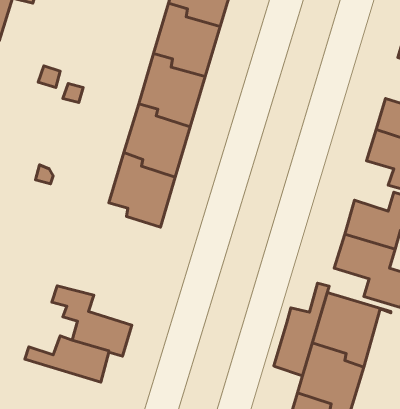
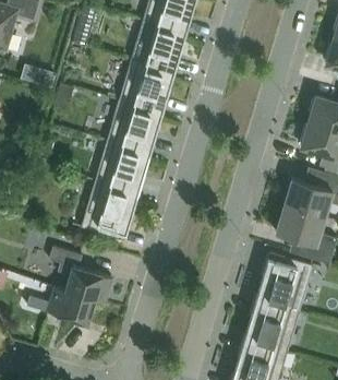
building: none -> [72,180,135,240]
building: [274,283,329,376] -> none

